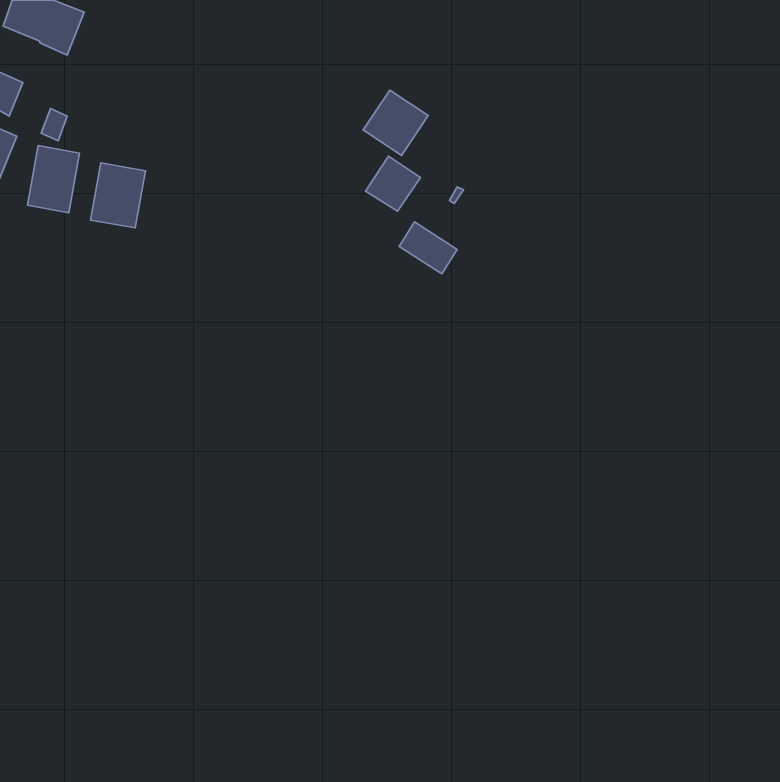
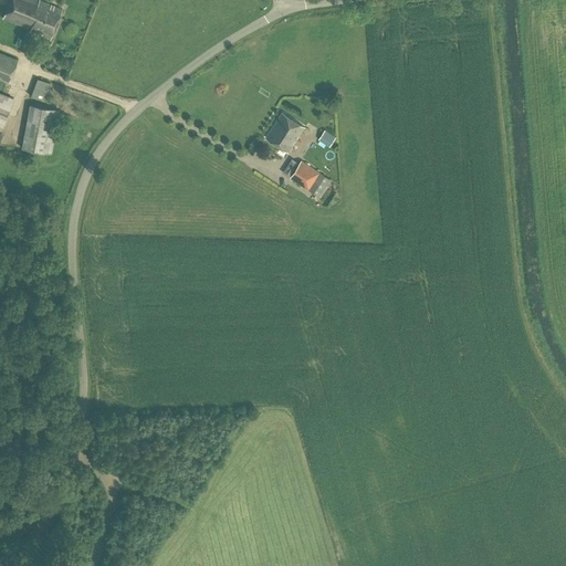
building: [363,90,428,155] -> none
building: [90,163,145,228] -> none

